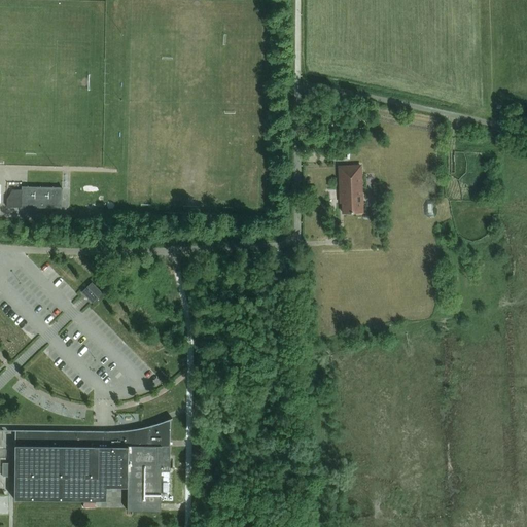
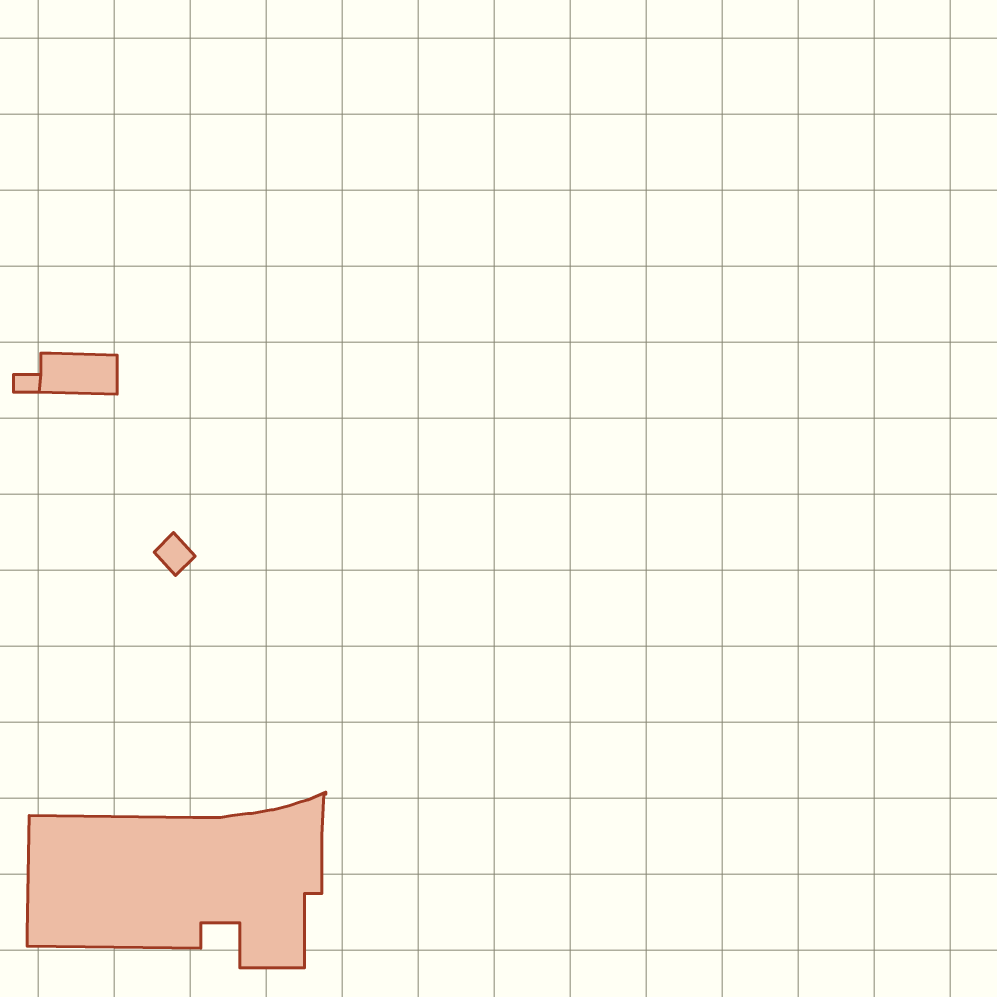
building: [340,166,362,213] -> none

